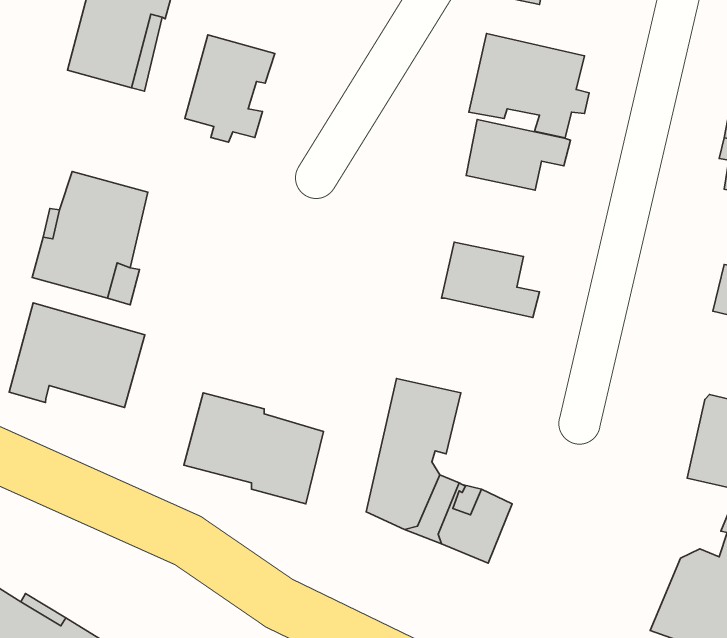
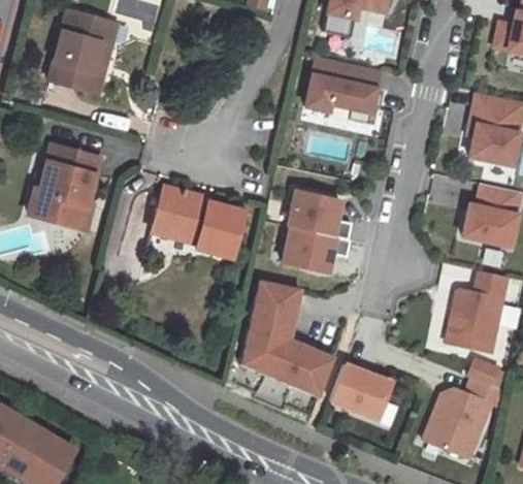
building: [185,35,275,142] -> none
building: [466,119,570,190] -> [284,227,351,272]
building: [9,303,145,408] -> none
building: [184,393,324,504] -> [153,187,242,258]
building: none -> [330,365,392,419]

